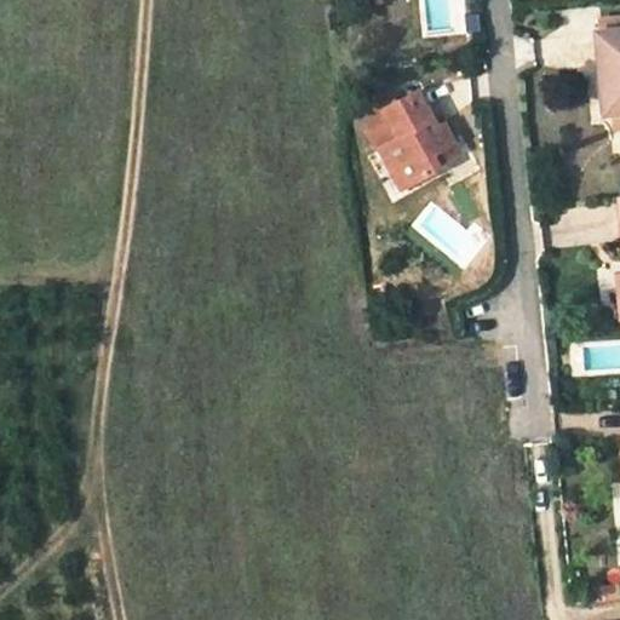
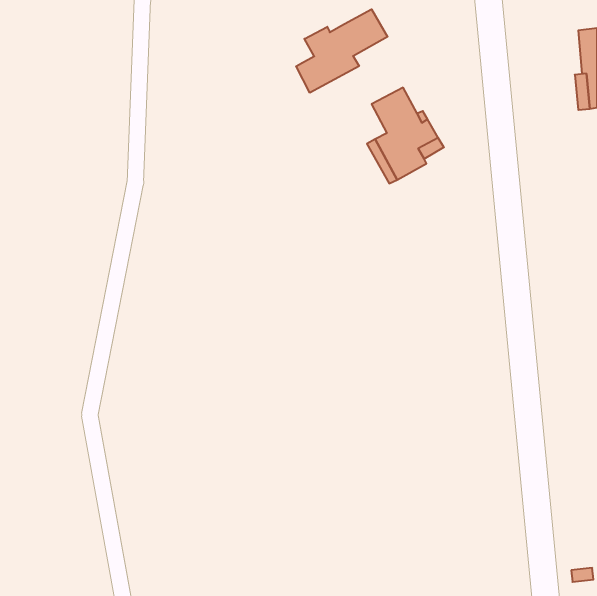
building: none -> [296,9,388,93]

